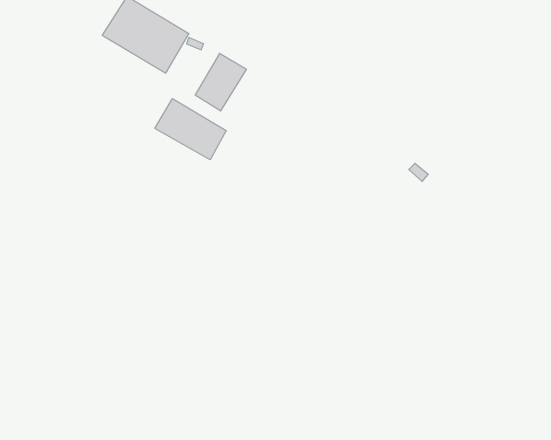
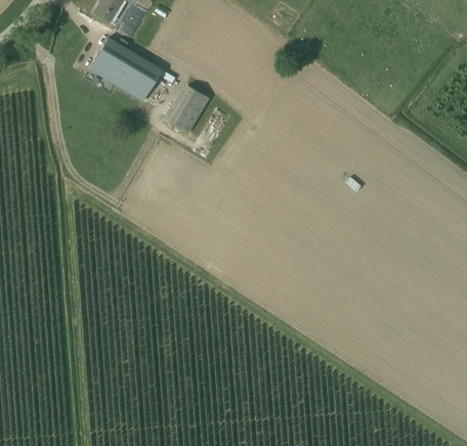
building: [155,99,226,160] -> none

